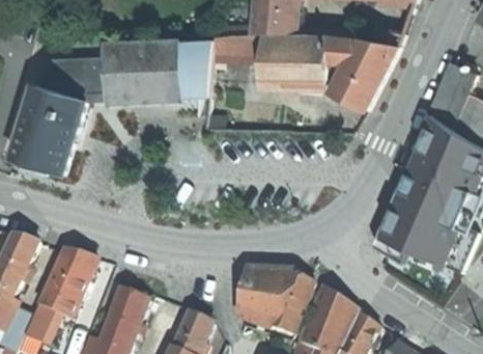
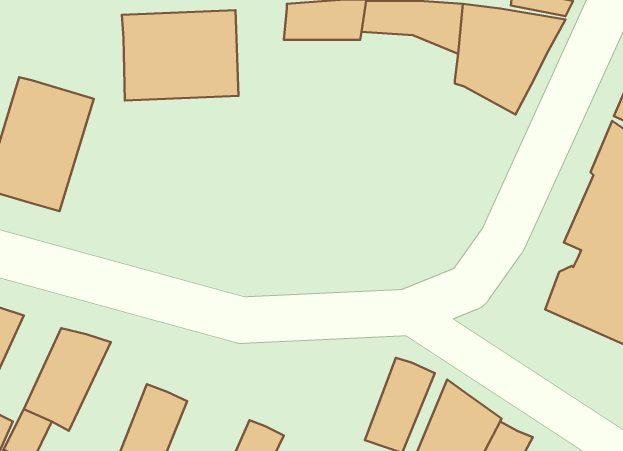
building: [178,39,212,98] -> none
building: [260,55,326,87] -> none
building: [42,59,105,101] -> none
building: [234,270,285,329] -> none

